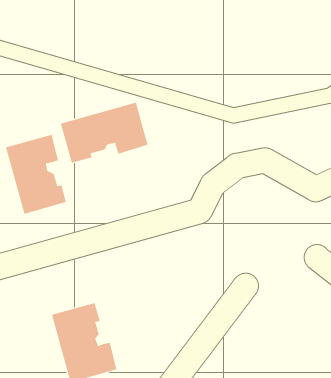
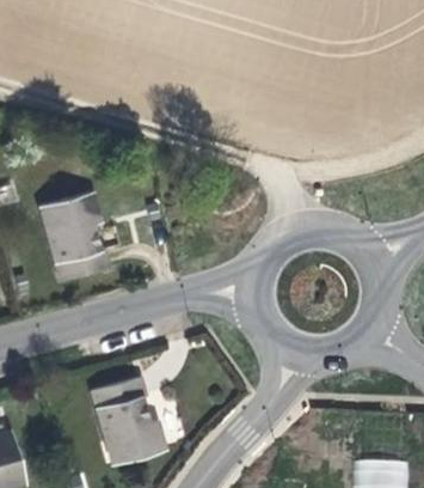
building: [60,102,148,163] -> none

